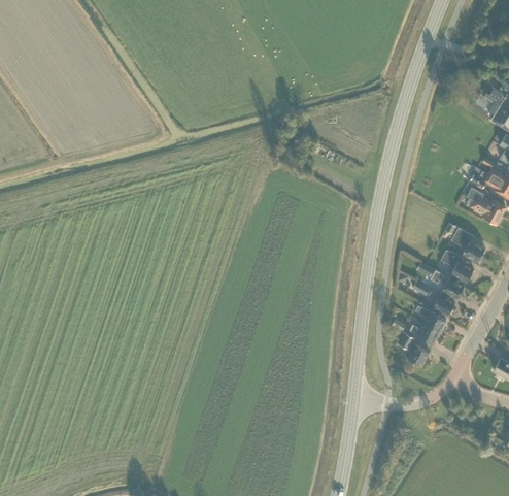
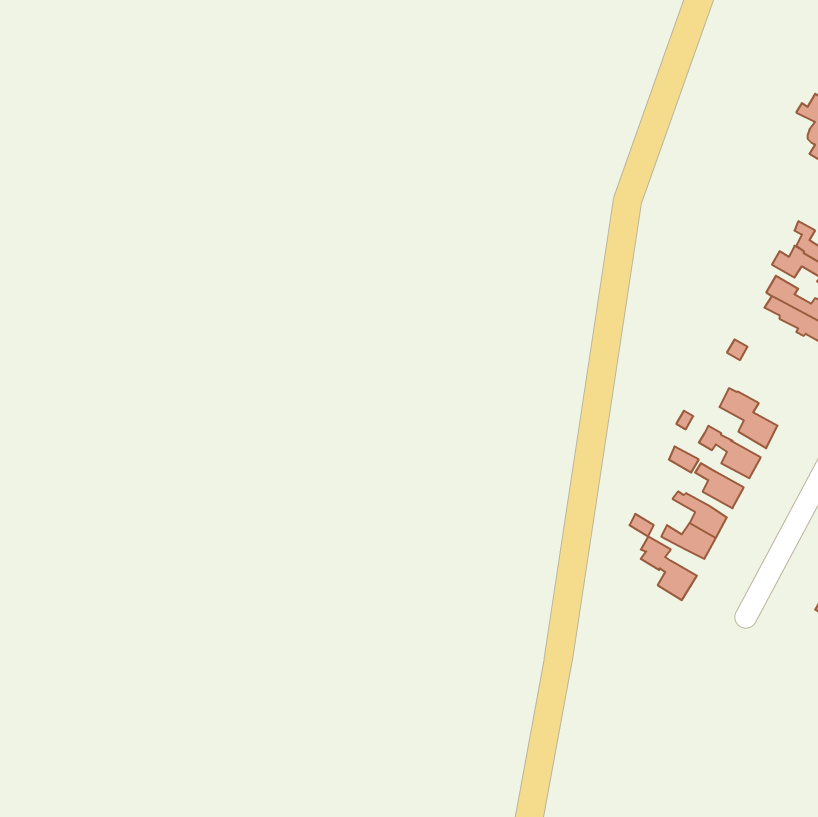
building: [451,226,484,260] -> none

